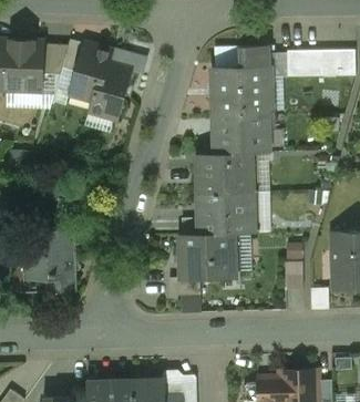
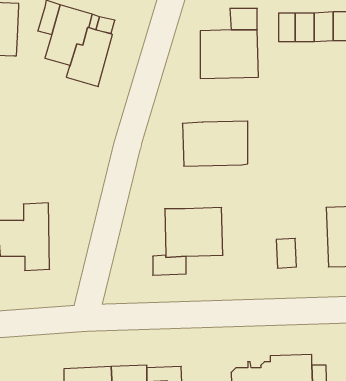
building: [43,44,69,74] -> none
building: [214,111,269,153] -> none
building: [198,193,254,234] -> none

